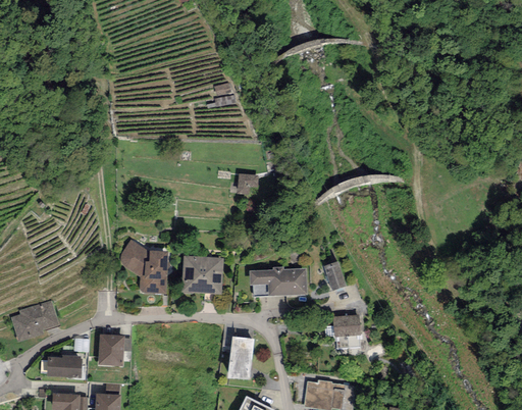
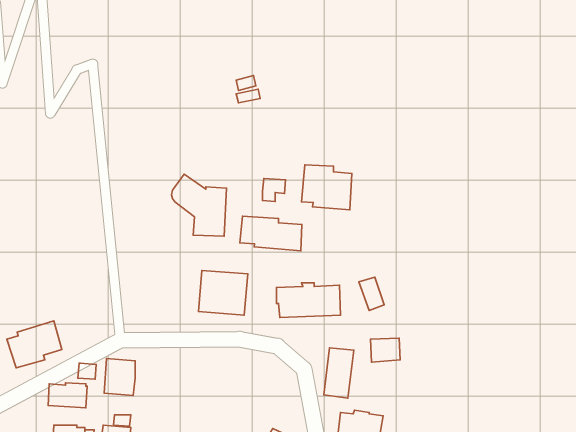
building: none -> [302,165,352,210]
building: none -> [240,216,302,251]
building: [119,239,168,294] -> [171,174,226,236]
building: [227,336,254,380] -> [324,348,354,398]

